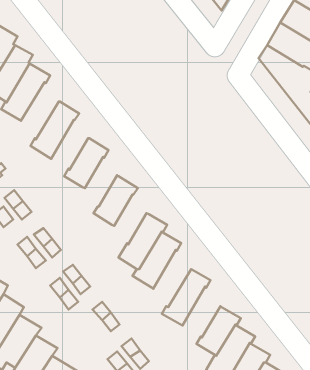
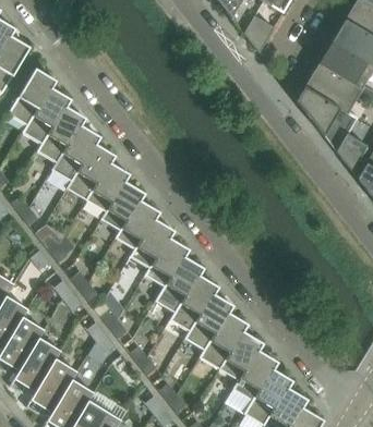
building: none -> [52,124,101,182]
building: none -> [88,162,131,212]
building: none -> [117,199,161,249]
building: none -> [145,237,191,288]
building: none -> [185,293,233,351]
building: none -> [220,330,264,381]

